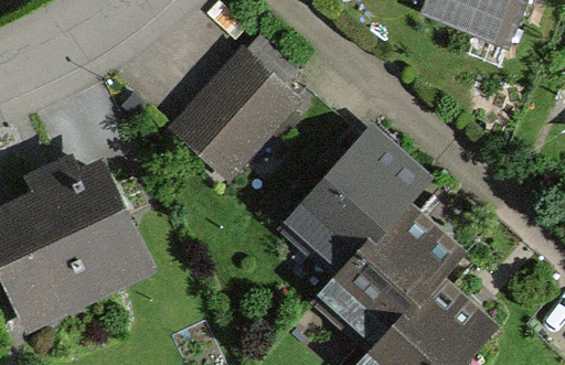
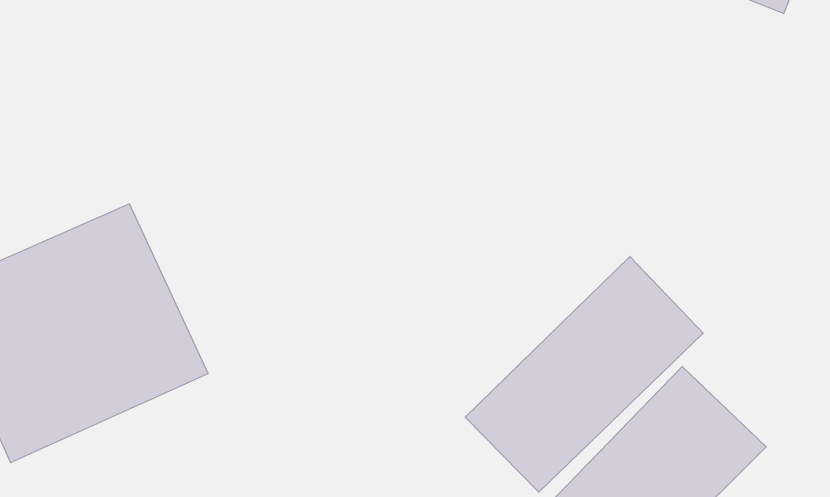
building: [170,50,296,181] -> none
building: [273,122,427,276] -> none

